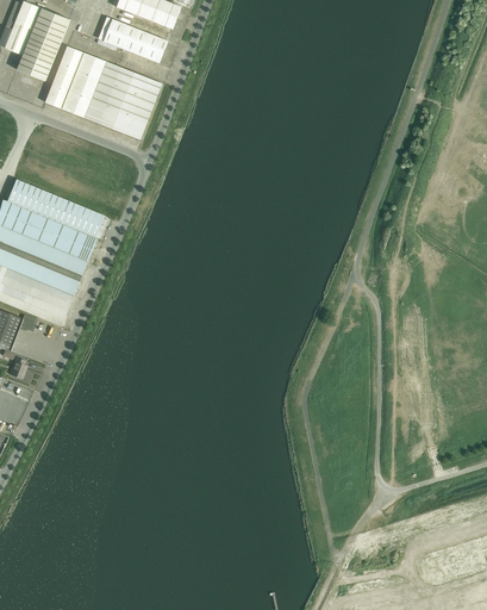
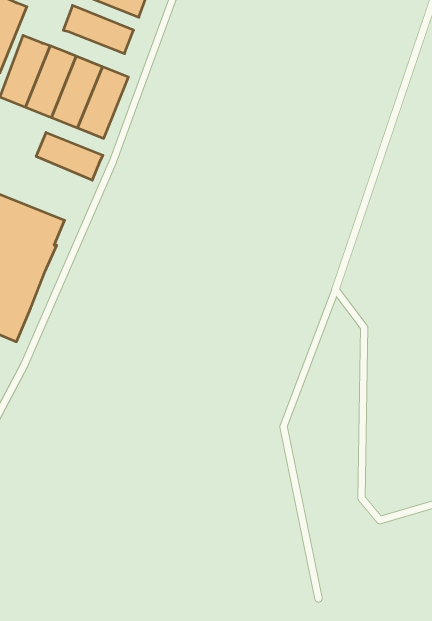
building: none -> [36,132,103,180]

